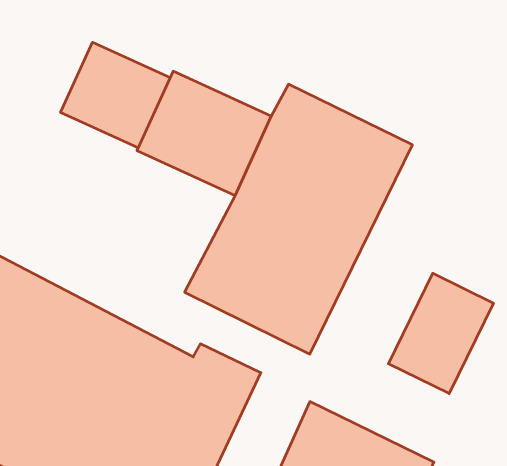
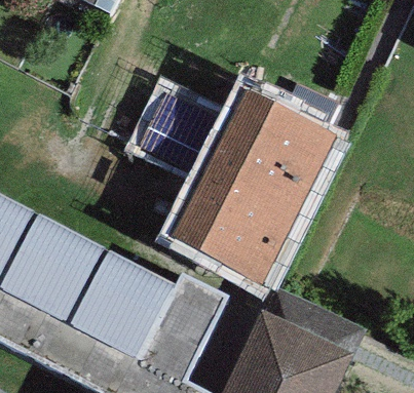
building: [61,42,170,148] -> none
building: [388,273,493,394] -> none

